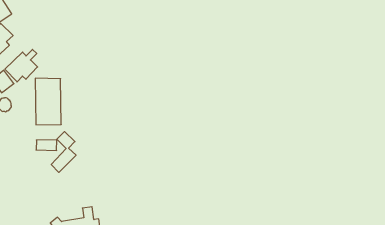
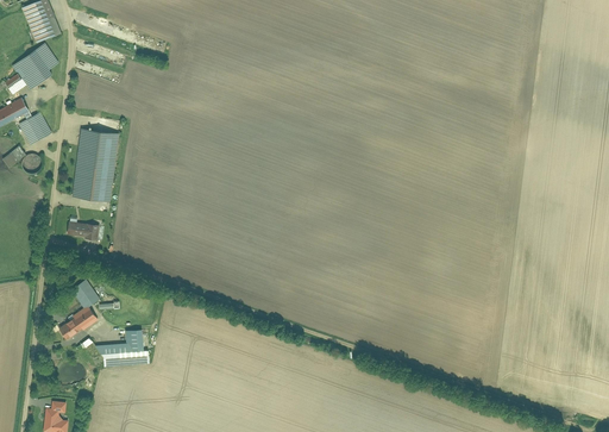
building: [5,49,38,82] -> none
building: [51,132,76,172] -> [56,281,95,339]

